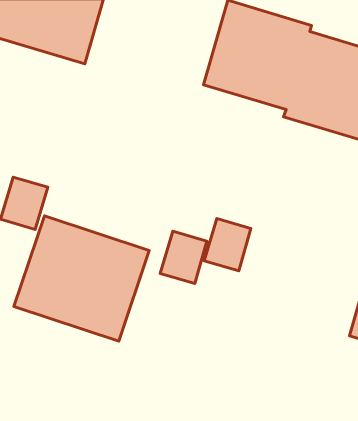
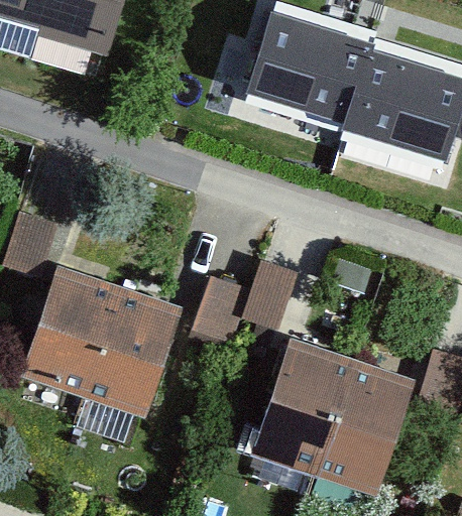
building: none -> [249,334,410,489]

